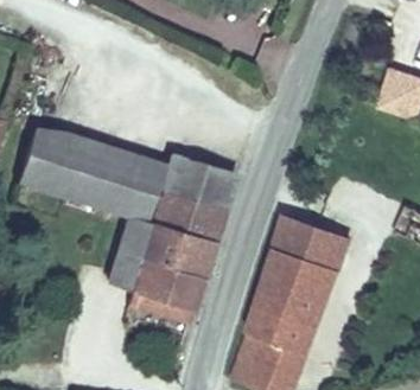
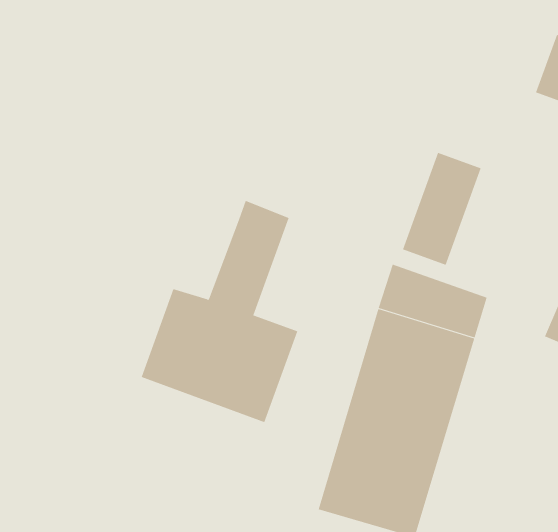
building: [24,127,176,230] -> none
building: [186,175,240,251] -> [402,152,482,265]

